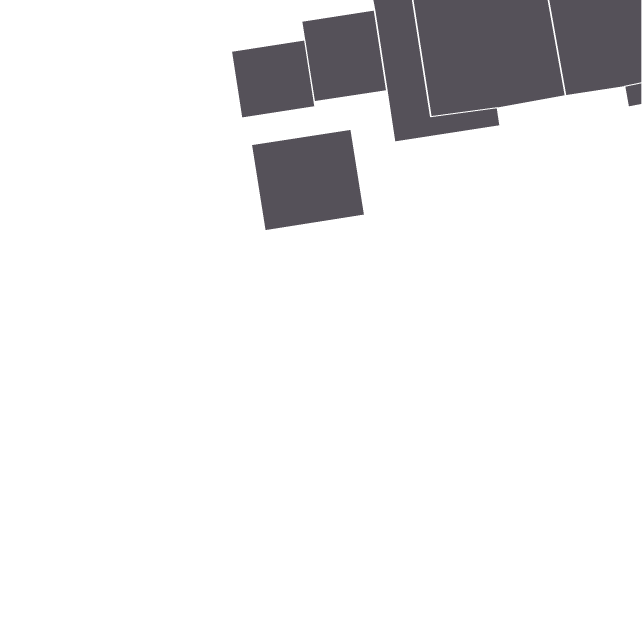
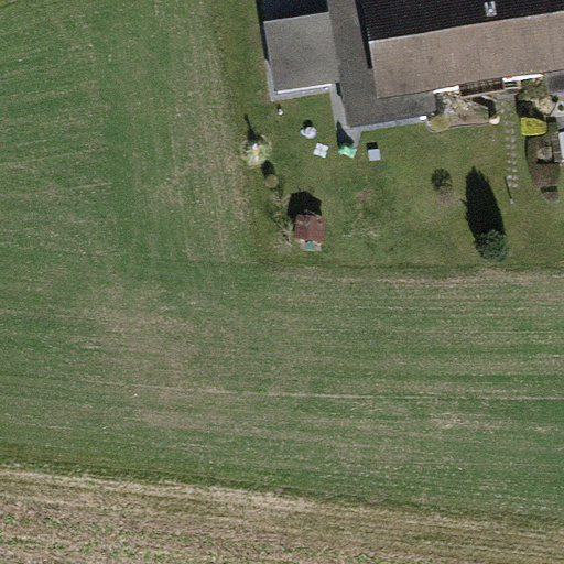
building: [231,40,315,118] -> none
building: [251,129,364,231] -> none

